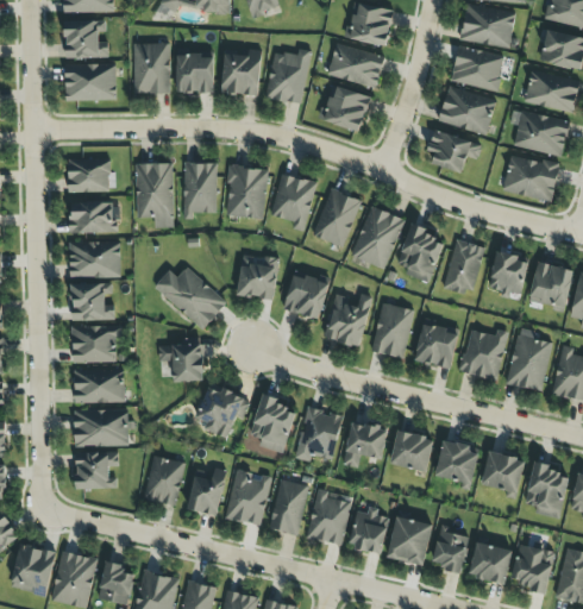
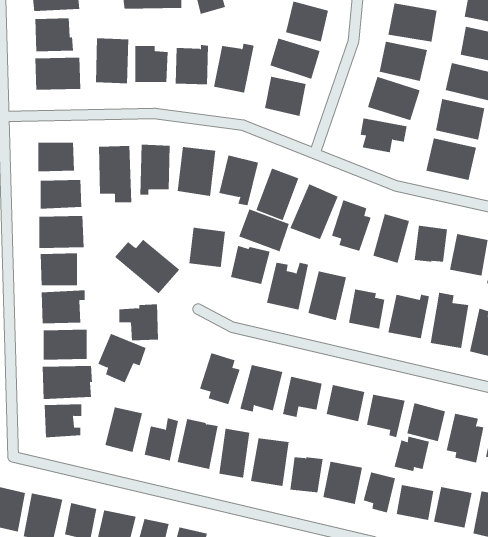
building: none -> [239,208,290,252]
building: [195,383,250,439] -> [98,333,147,383]
building: none -> [394,436,430,472]

